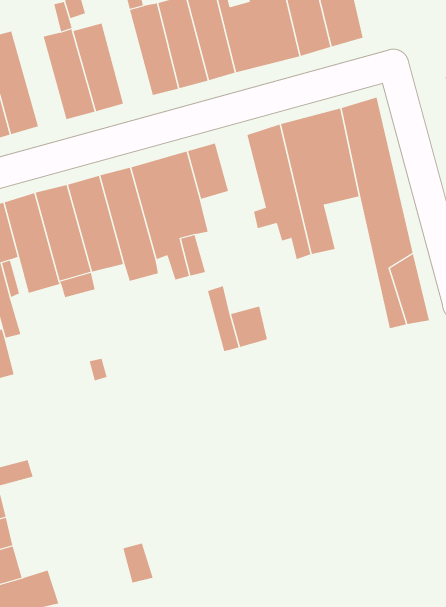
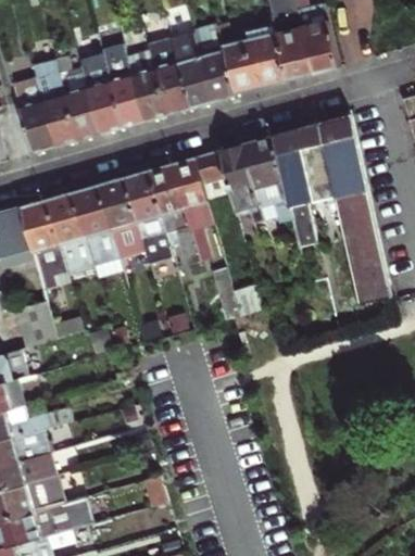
building: none -> [126,49,166,121]
building: none -> [53,54,97,139]
building: none -> [217,146,257,211]

